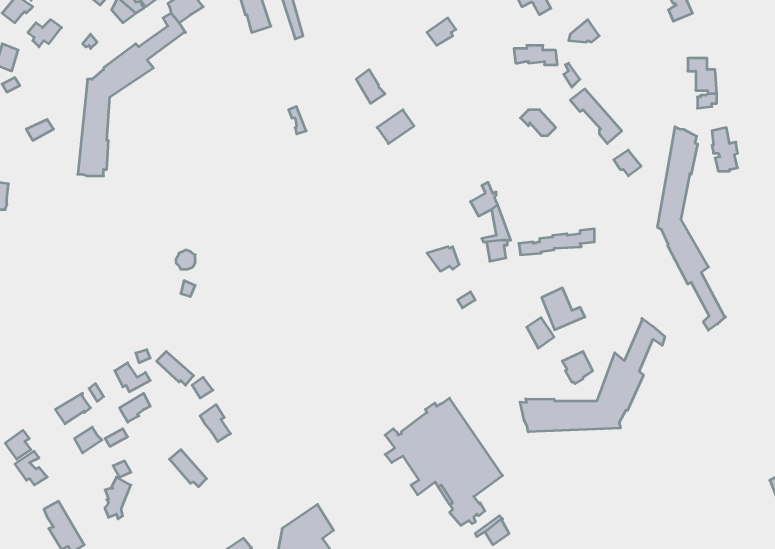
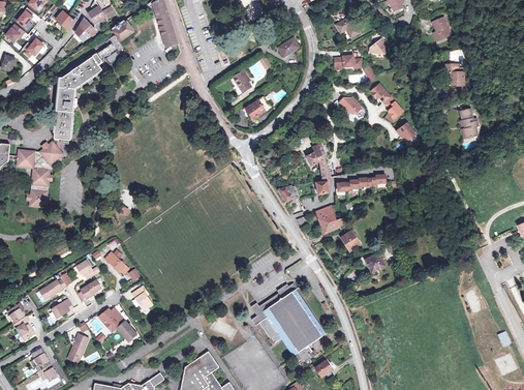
building: [658,127,726,330] -> none
building: none -> [17,139,62,207]
building: [542,288,585,330] -> [315,207,343,234]
building: [520,318,665,432] -> none

